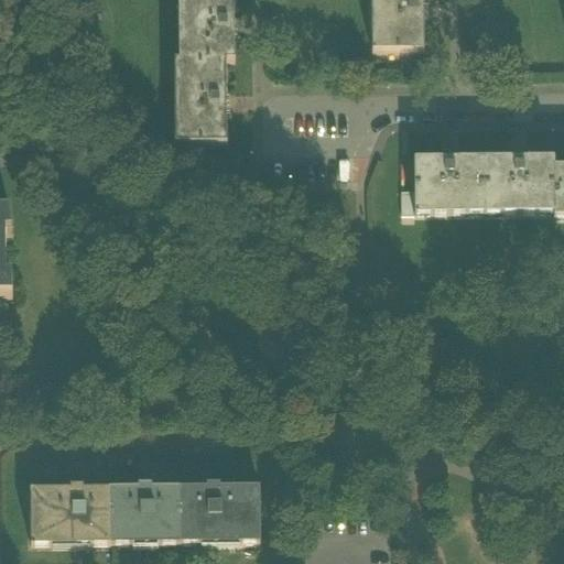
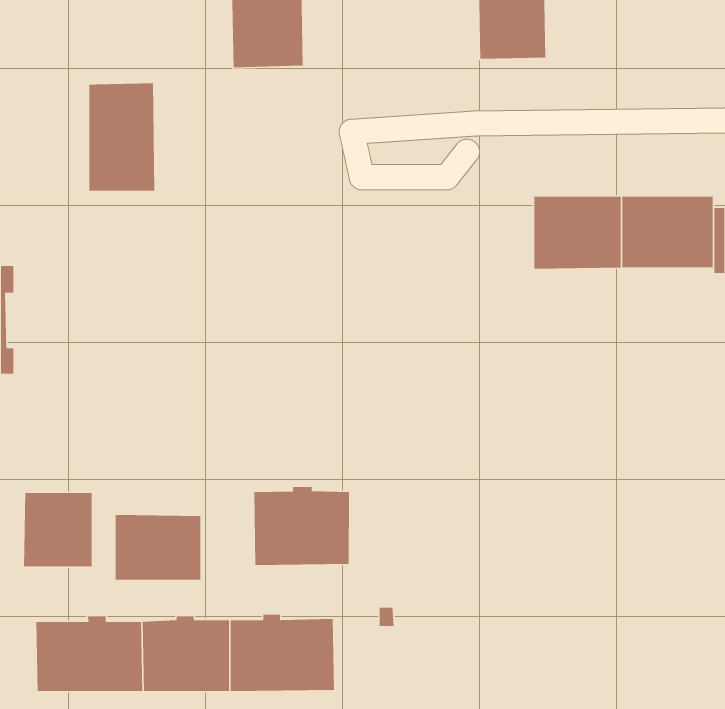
building: [175,52,227,137] -> [88,82,155,192]
building: none -> [253,486,350,566]
building: none -> [23,492,92,567]
building: none -> [115,514,201,581]

